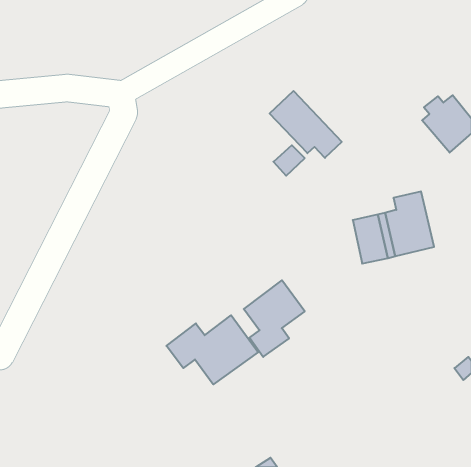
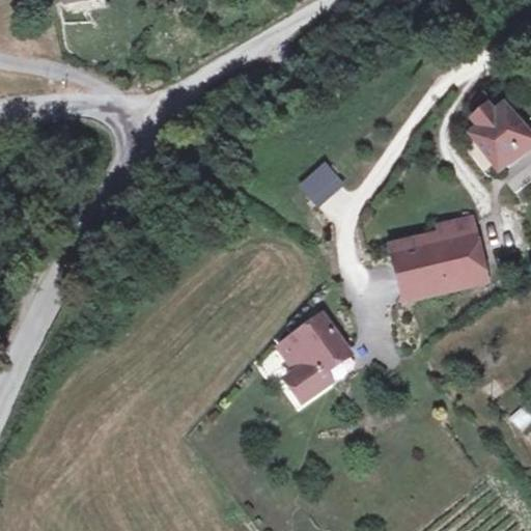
building: [270,91,342,158] -> none
building: [166,315,258,384] -> none

